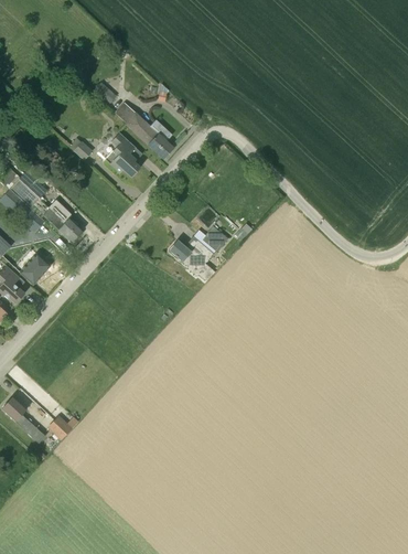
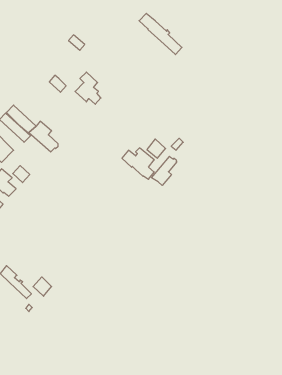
building: [114,102,172,158] -> [139,13,182,55]
building: none -> [152,156,176,185]

